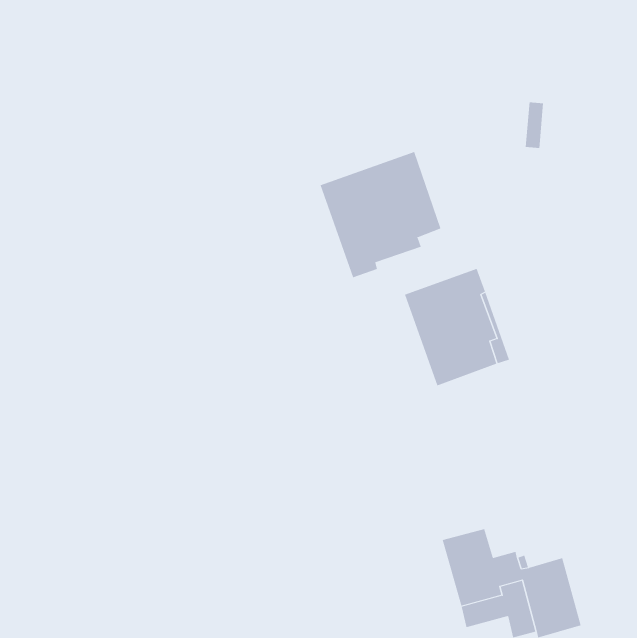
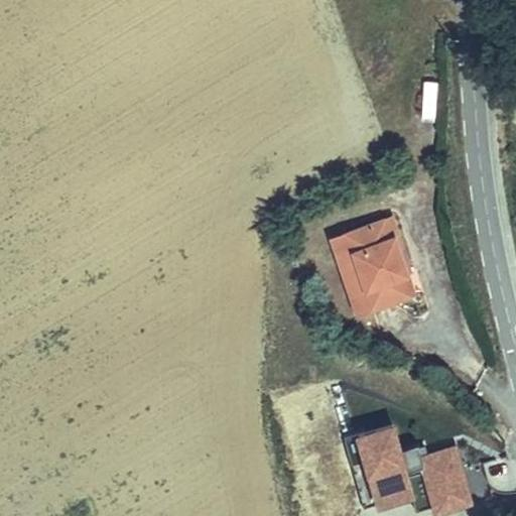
building: [320,151,441,278] -> none

